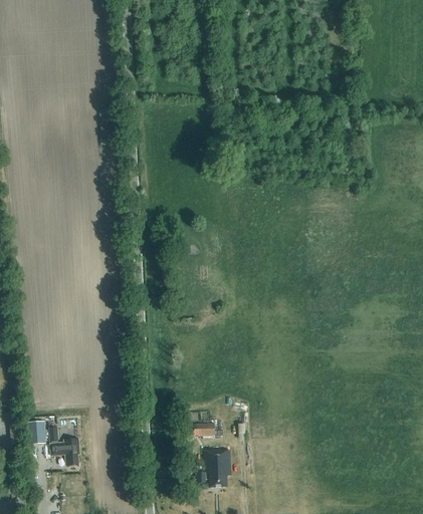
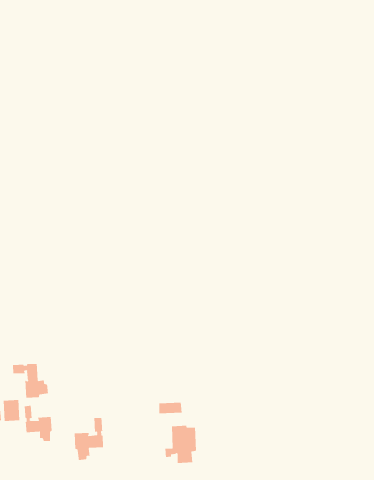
building: none -> [13,363,48,399]
building: none -> [74,417,104,461]

